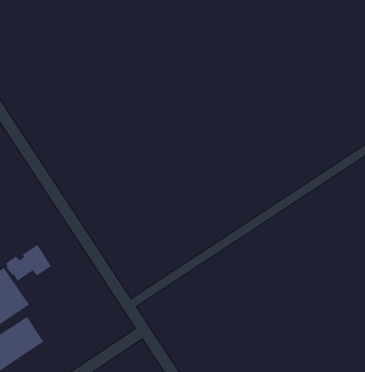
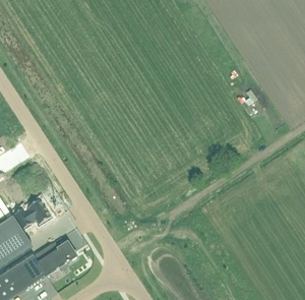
building: none -> [30,240,75,276]

